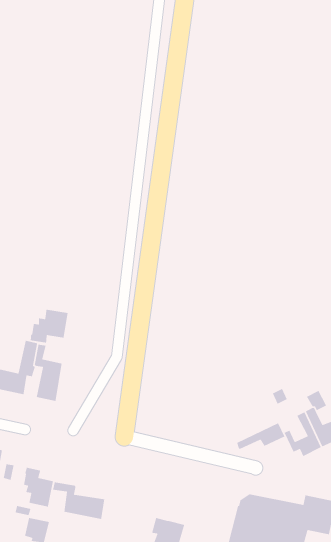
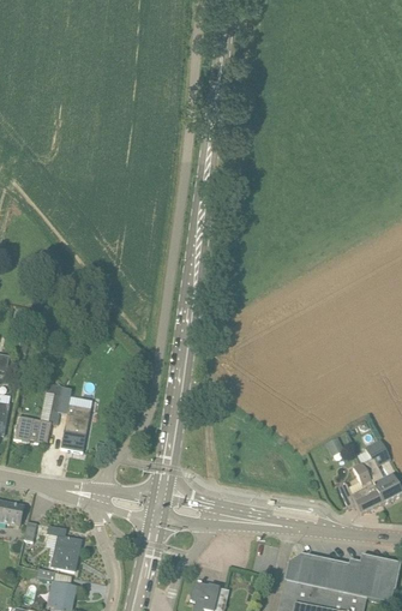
building: [30,309,69,344] -> none
building: [236,422,285,450] -> none
building: [52,481,105,520] -> none

